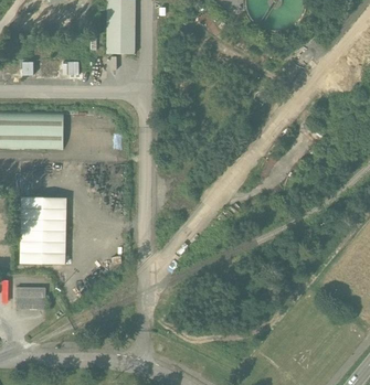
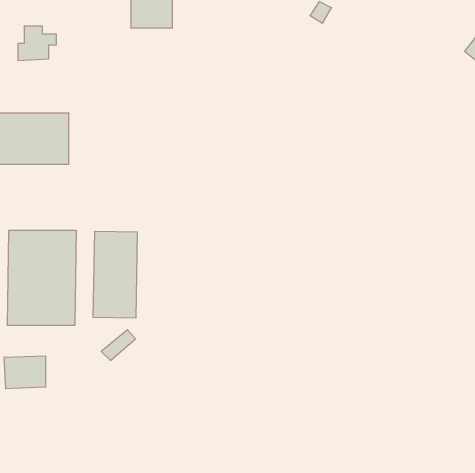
building: none -> [93,231,137,318]

